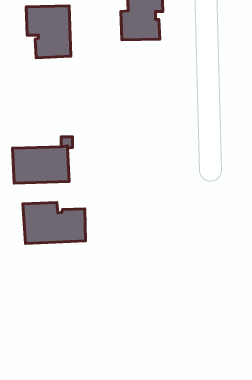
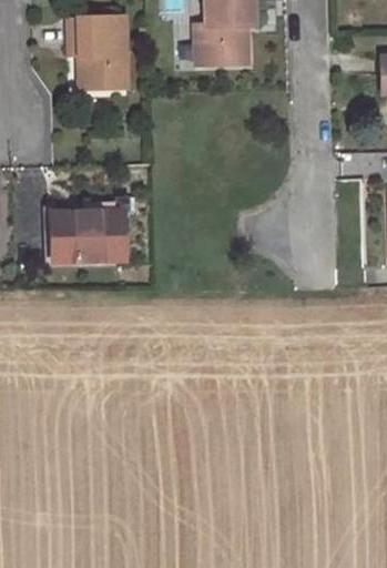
building: [23,202,86,244] -> none

